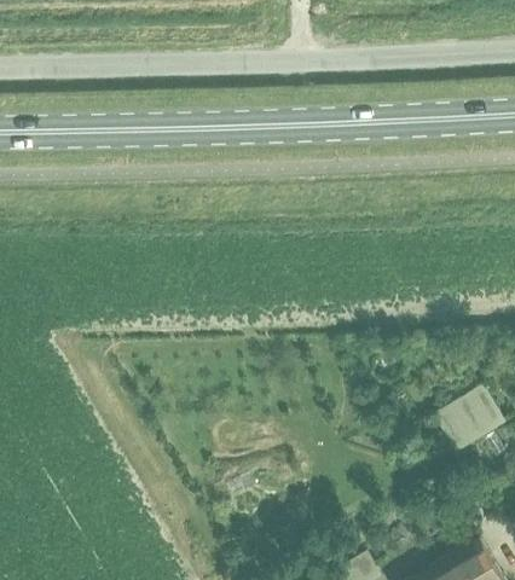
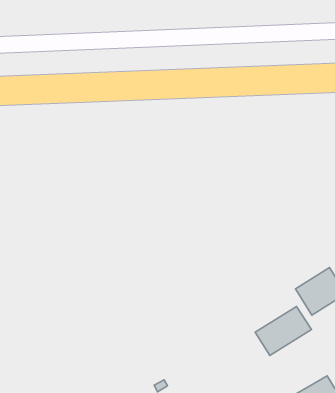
building: none -> [255,306,311,355]

